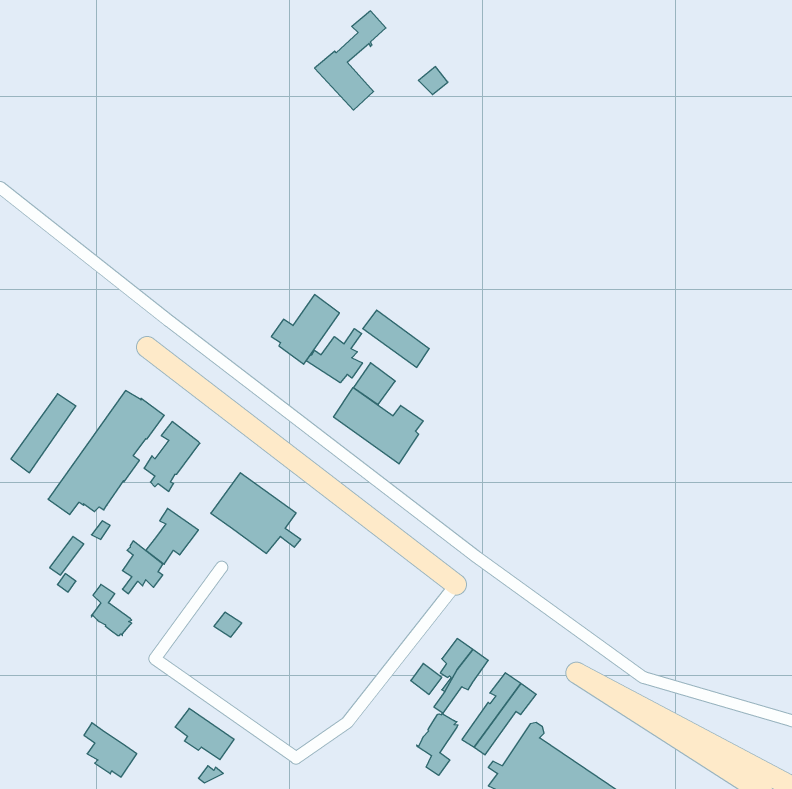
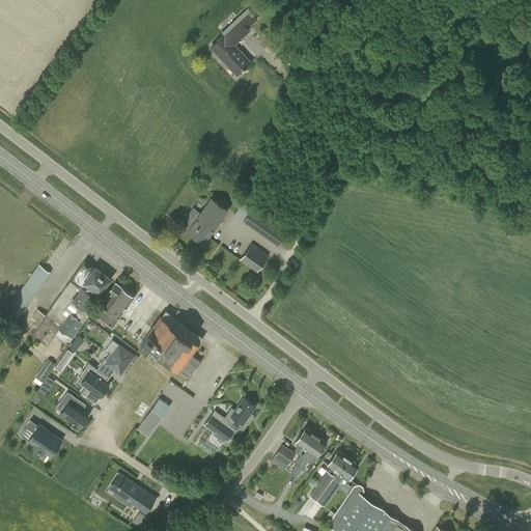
building: [306,329,362,383] -> none
building: [334,387,423,464] -> none
building: none -> [204,399,256,443]
building: [417,713,458,775] -> none
building: [84,723,137,777] -> [26,421,61,457]

